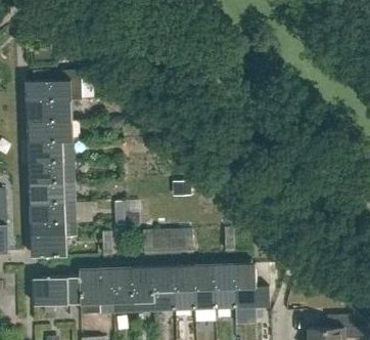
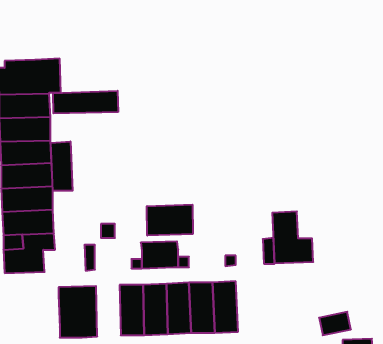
building: none -> [53,91,118,113]
building: none -> [51,141,73,191]
building: none -> [147,205,193,236]
building: [233,263,269,308] -> [272,211,313,263]
building: [111,267,133,312] -> none
building: [33,277,80,313] -> none

